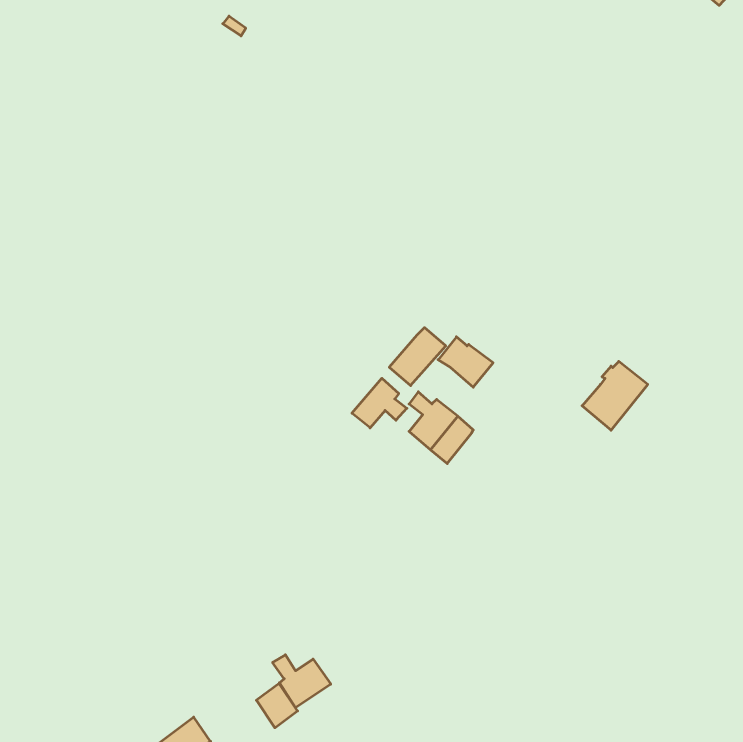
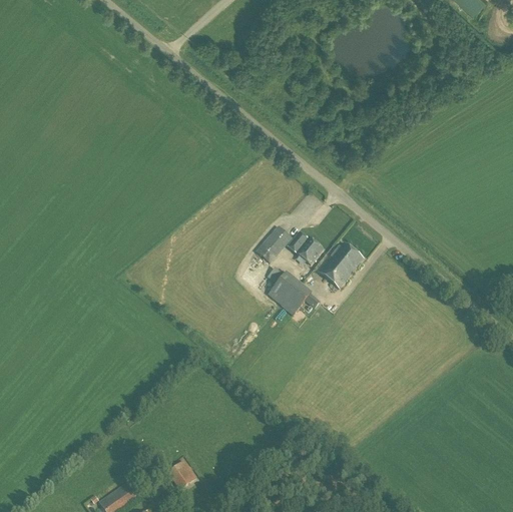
building: [582,361,648,430] -> [320,242,363,288]
building: [352,378,407,428] -> none
building: [273,655,331,708] -> none

